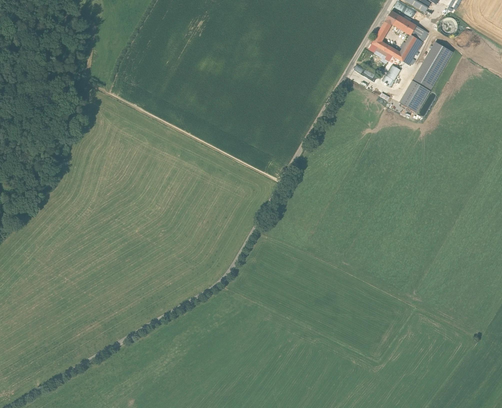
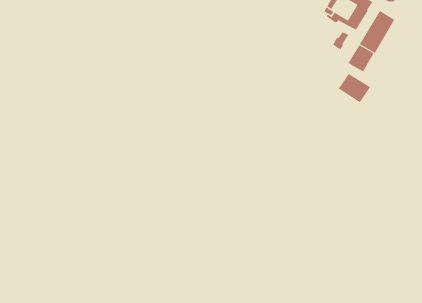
building: none -> [337,72,371,103]

